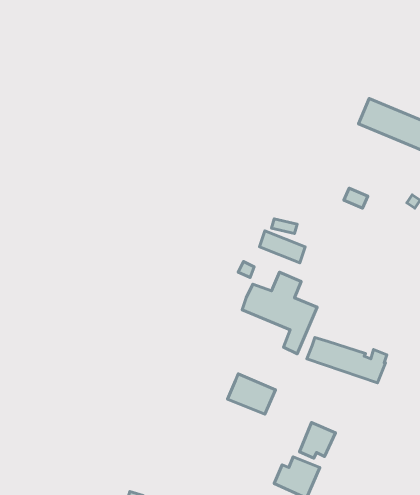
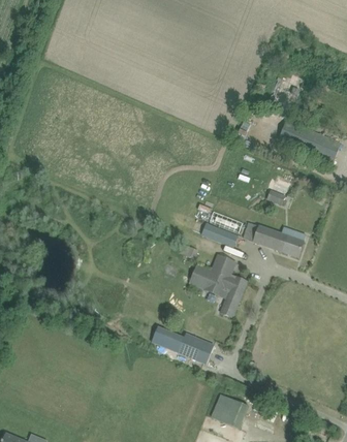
building: [307,337,387,383] -> [242,221,304,256]
building: none -> [151,326,183,352]
building: [299,423,335,458] -> none

